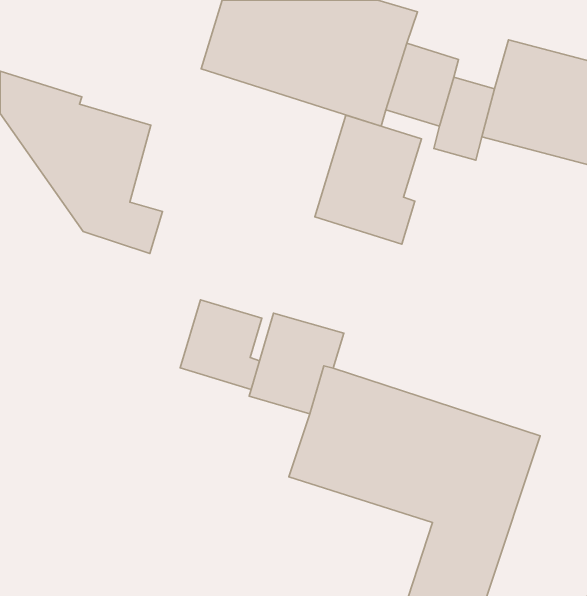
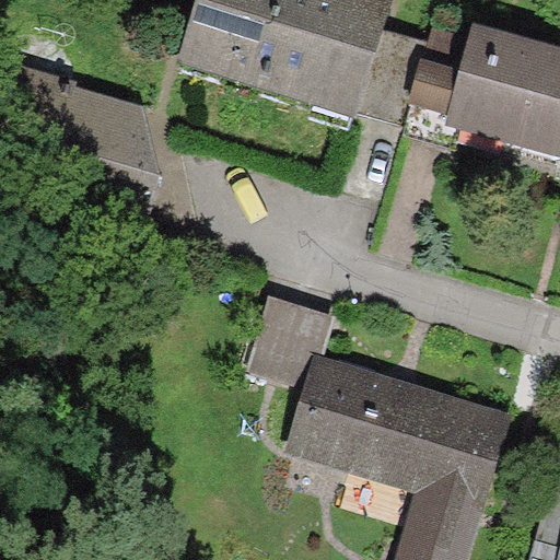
building: [315,115,421,244] -> none
building: [180,300,262,390] -> none

